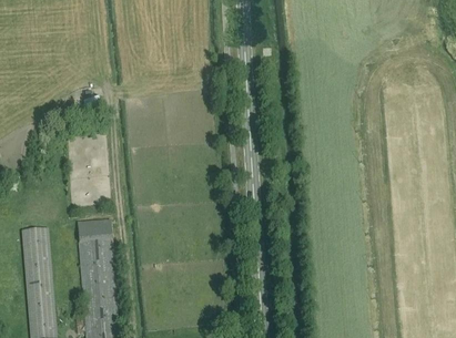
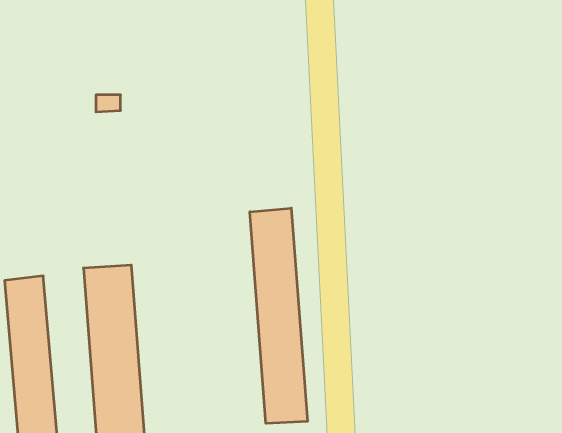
building: none -> [250,208,307,423]

